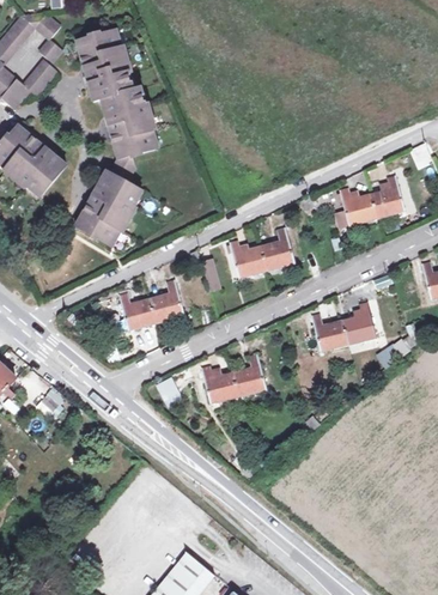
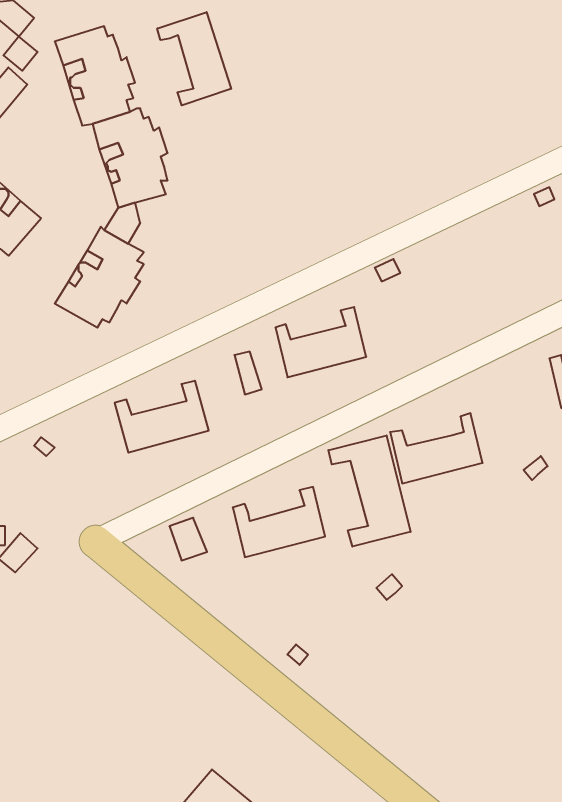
building: none -> [157,12,231,105]
building: [339,176,403,225] -> none
building: none -> [328,435,411,547]

